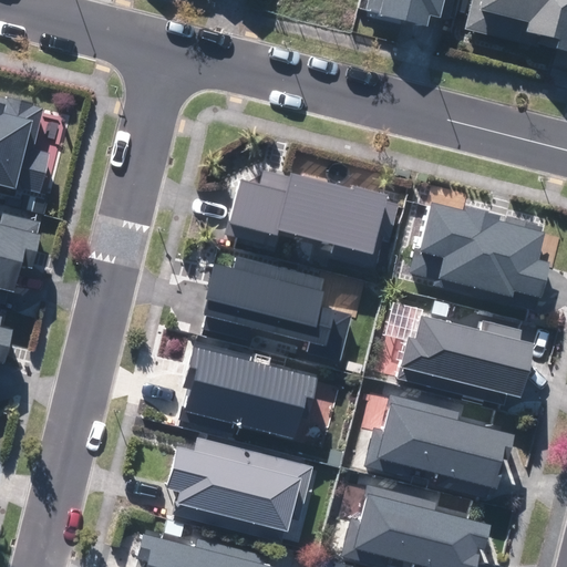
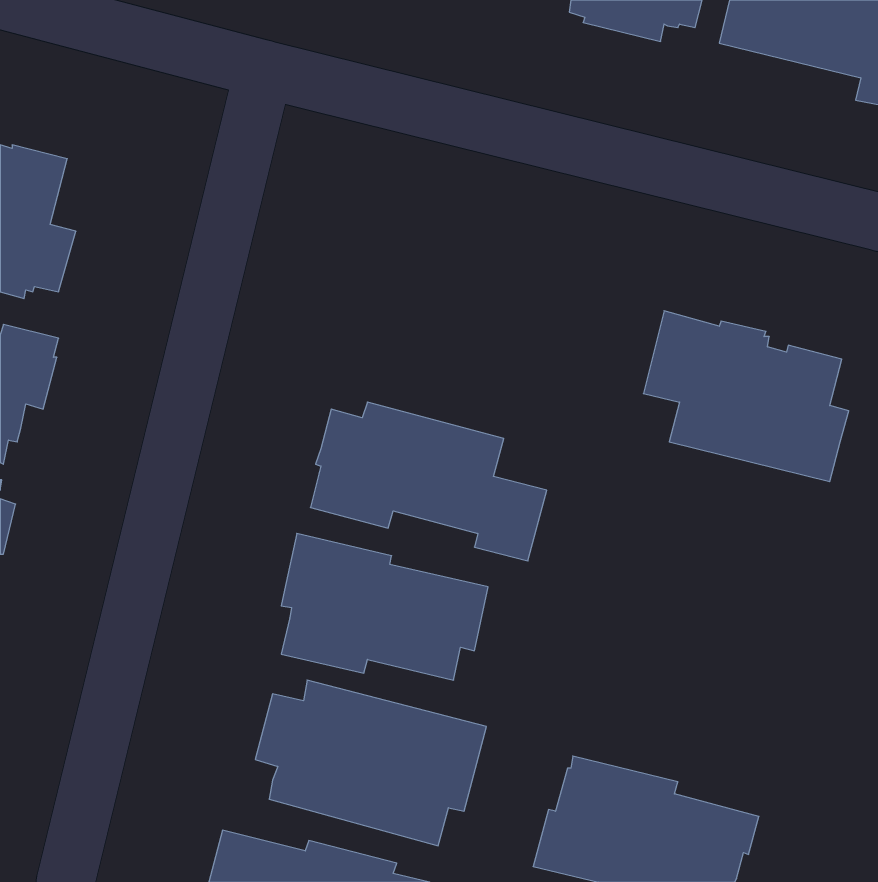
building: [229,169,401,266] -> none
building: [398,315,532,403] -> none
building: [365,393,511,496] -> none

